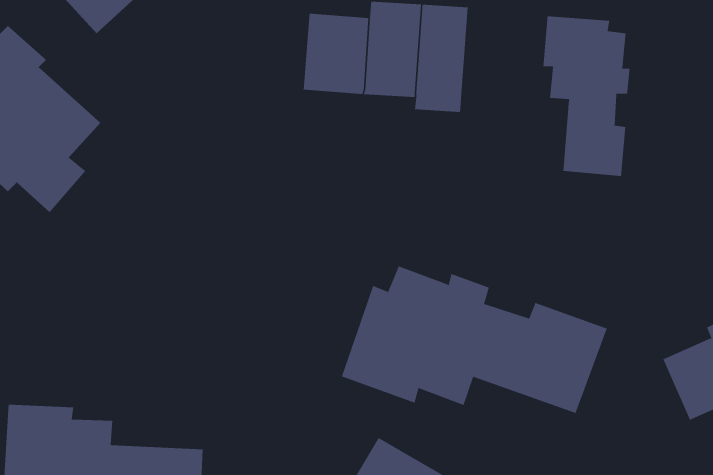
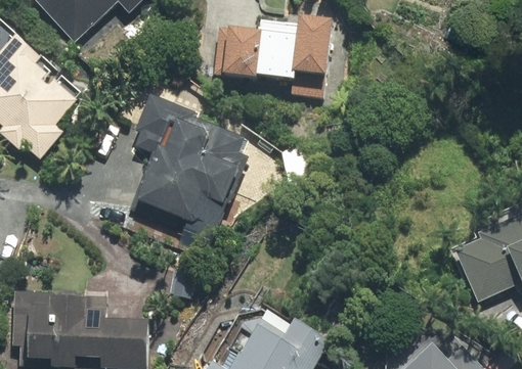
building: [543,15,630,177] -> none
building: none -> [132,97,247,225]
building: [341,265,607,414] -> none

